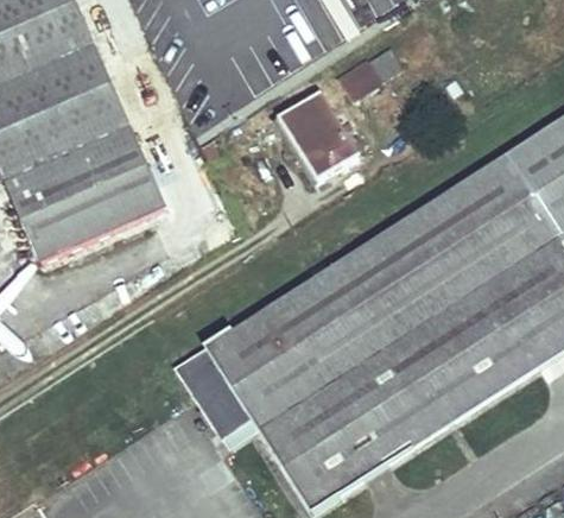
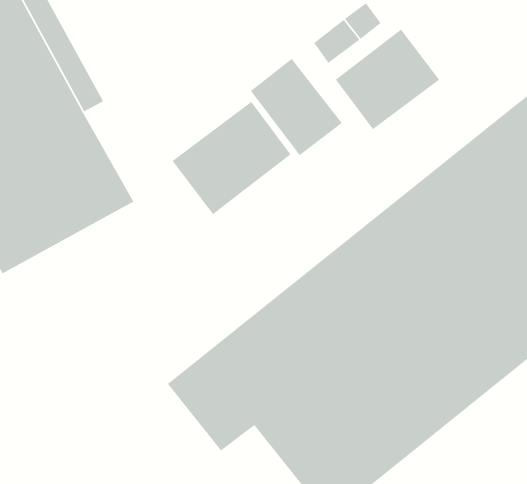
building: none -> [335,29,440,130]
building: none -> [171,101,292,215]

